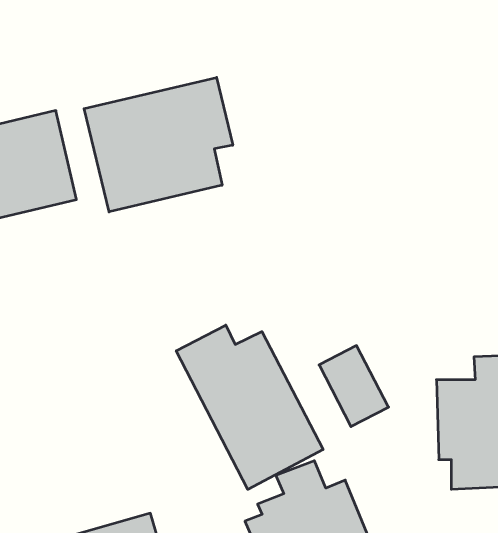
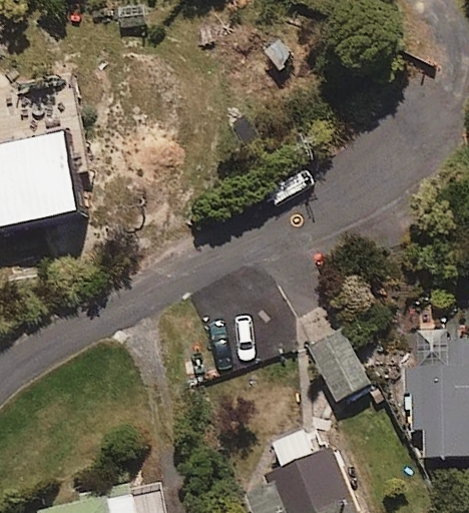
building: [84,77,233,212] -> none
building: [176,325,323,489] -> none

